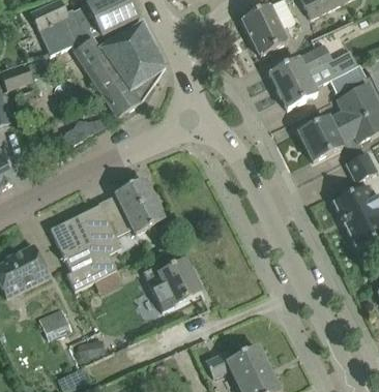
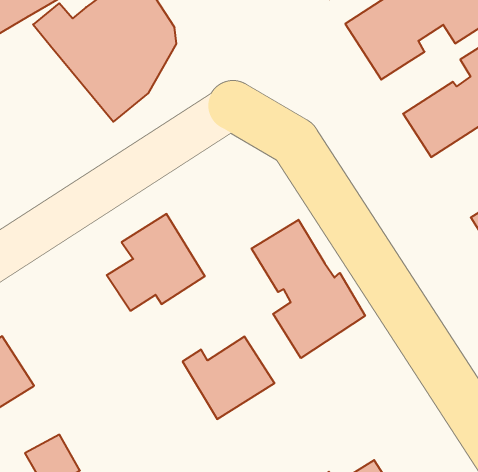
building: [59,118,106,149] -> none
building: none -> [252,220,365,358]
building: [50,208,121,290] -> none

